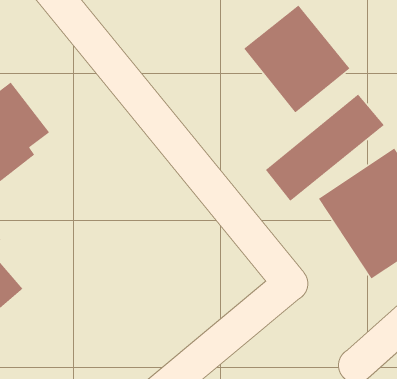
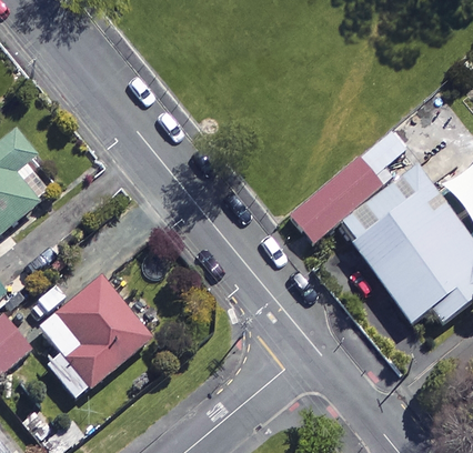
building: [243,4,350,114] -> none
building: none -> [30,273,154,396]

